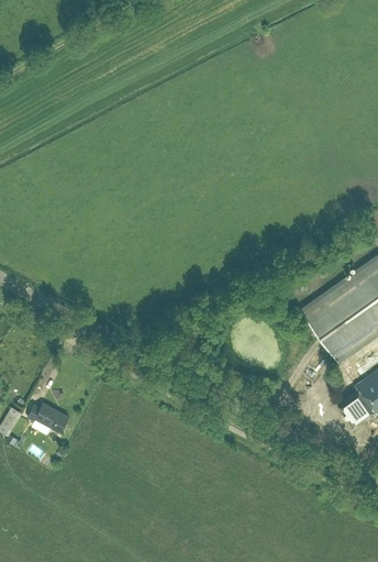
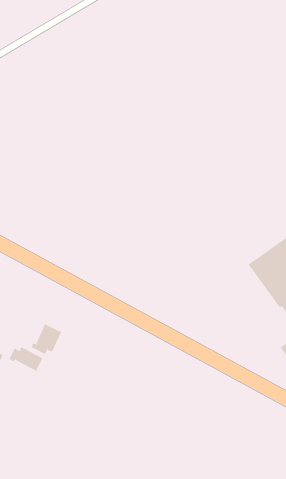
building: none -> [31,323,62,355]

